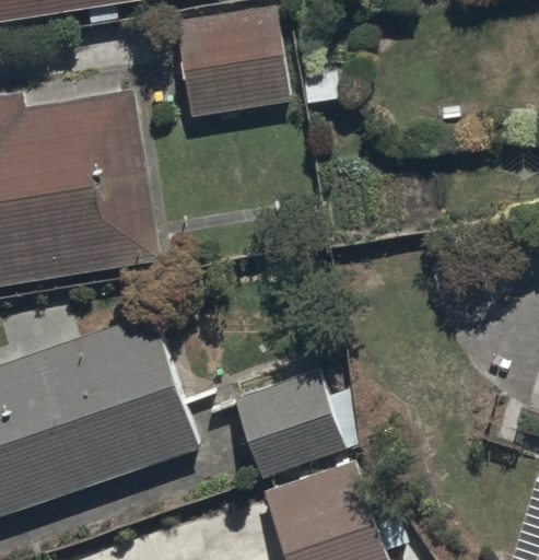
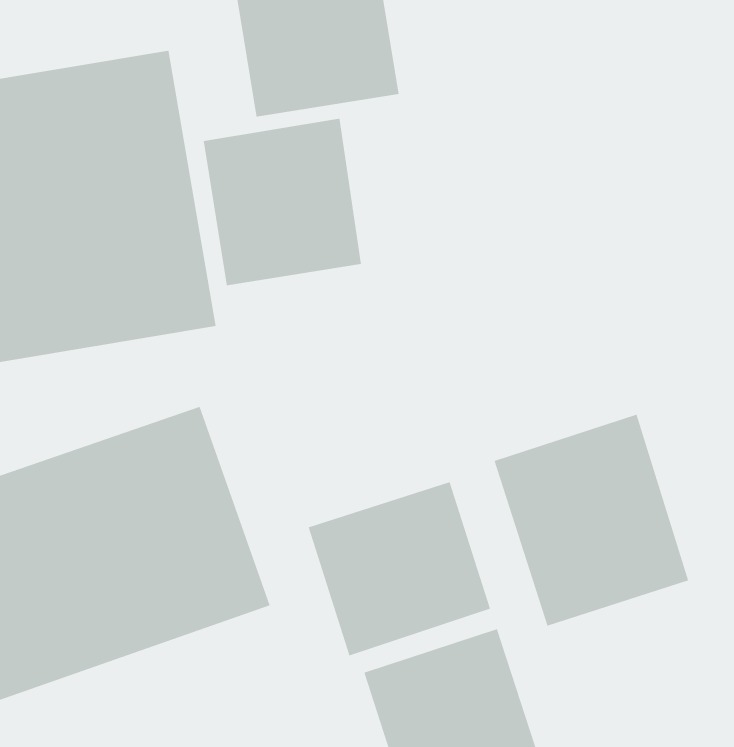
building: none -> [203,118,362,286]
building: none -> [494,414,689,626]

